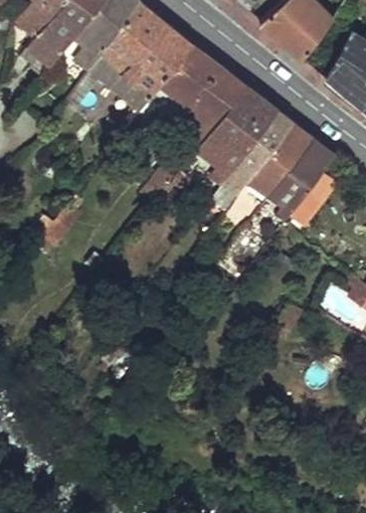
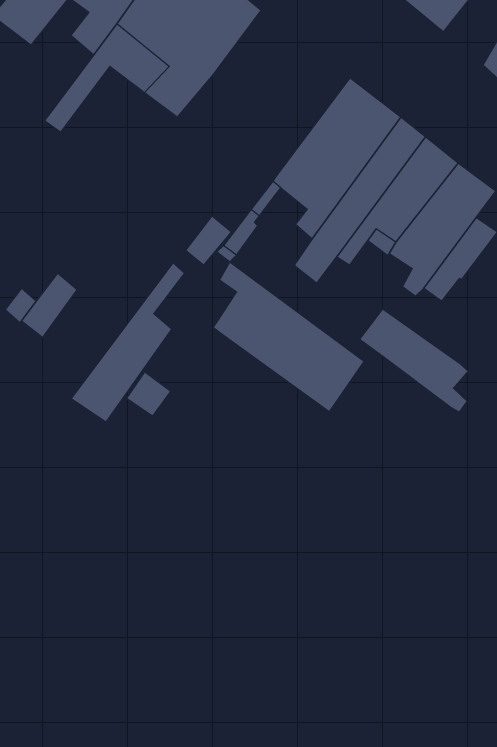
building: [161,44,244,146] -> none
building: none -> [213,262,364,412]
building: none -> [71,263,185,422]
building: none -> [360,309,468,412]

